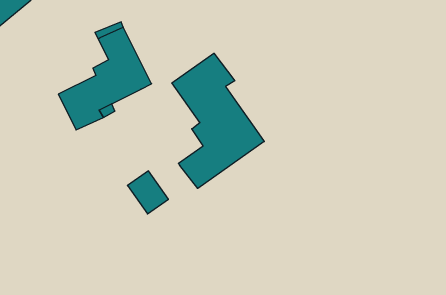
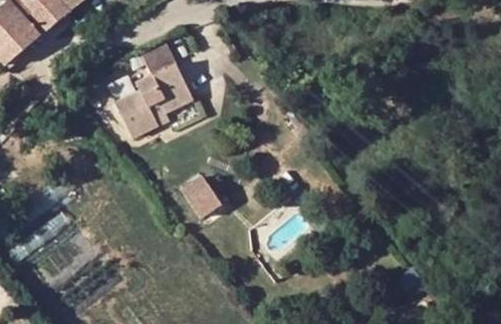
building: [172,53,264,188] -> none

